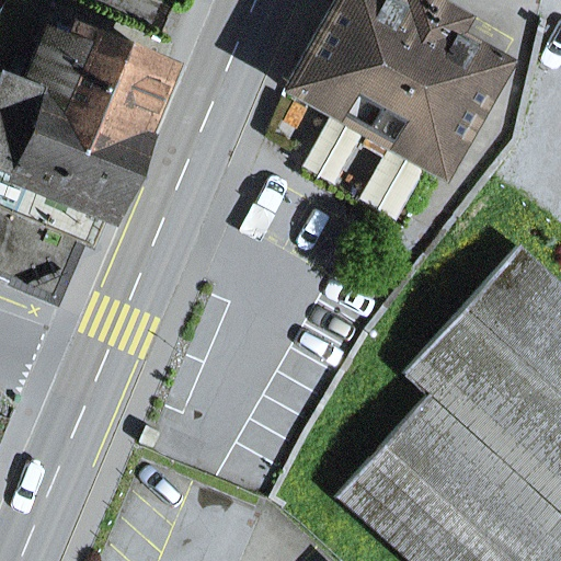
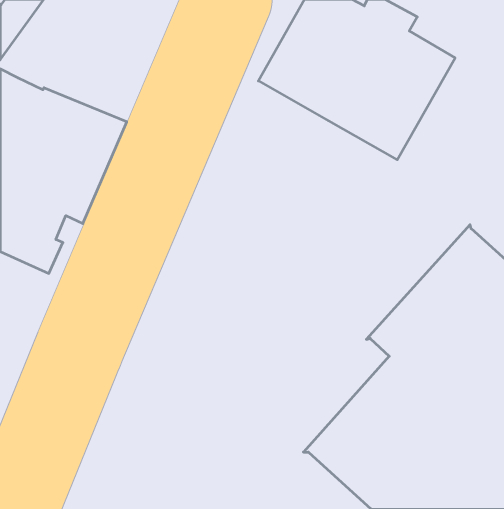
building: [26,22,173,134] -> none

